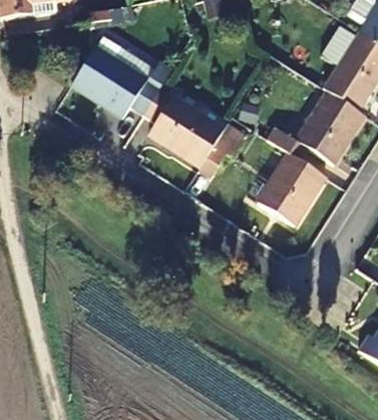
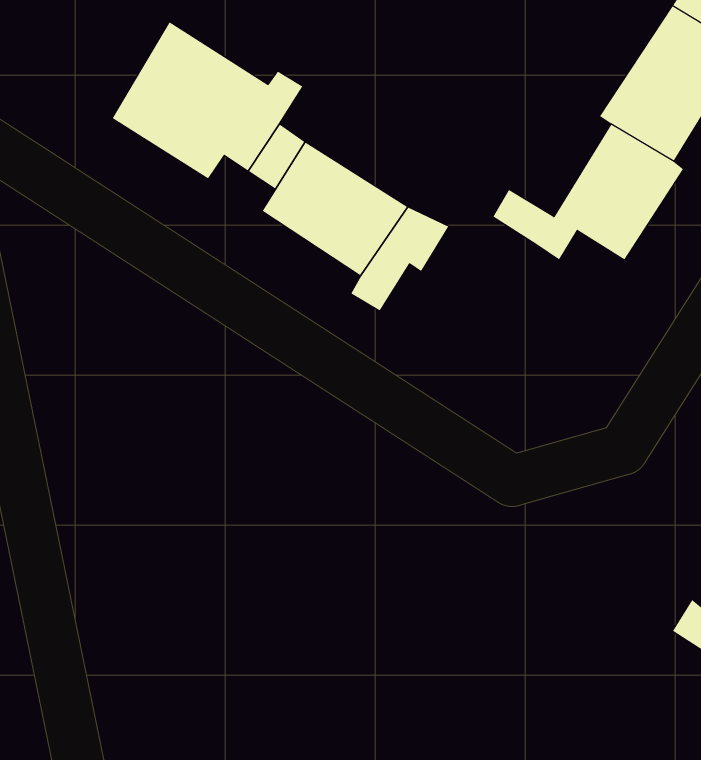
building: [256,151,325,224] -> none

